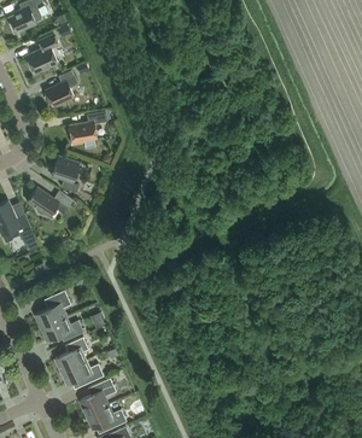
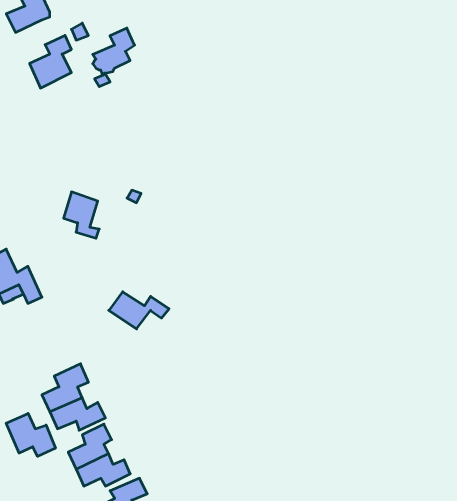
building: [43,70,76,106] -> [93,28,135,75]
building: [68,111,106,146] -> none
building: [25,187,72,216] -> [109,292,169,329]
building: none -> [6,413,55,456]

